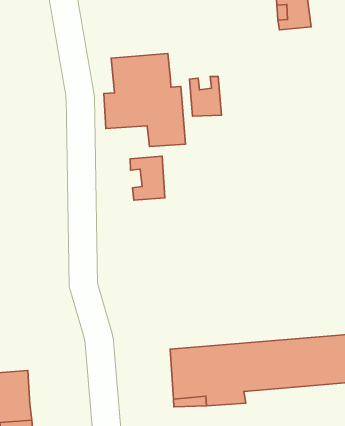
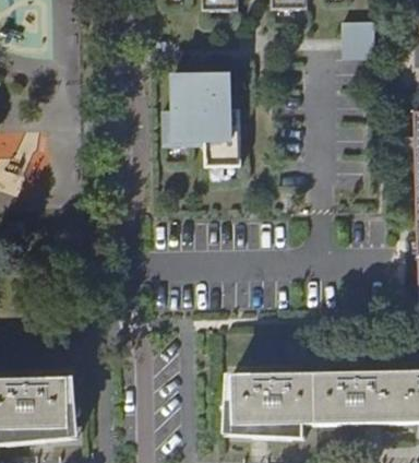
building: [189,76,221,116] -> none
building: [130,156,165,200] -> none

